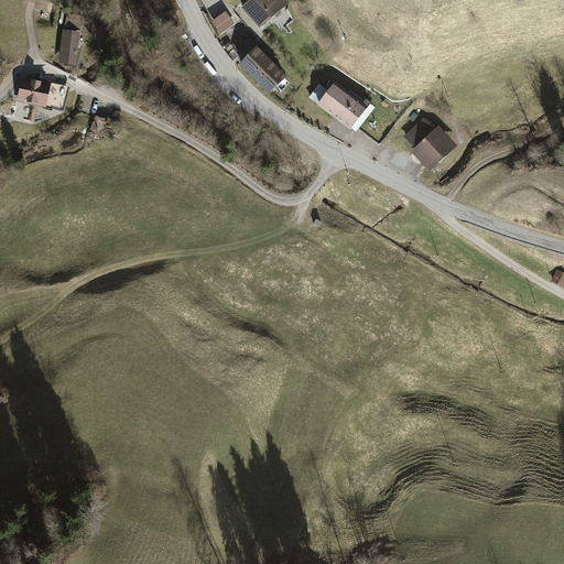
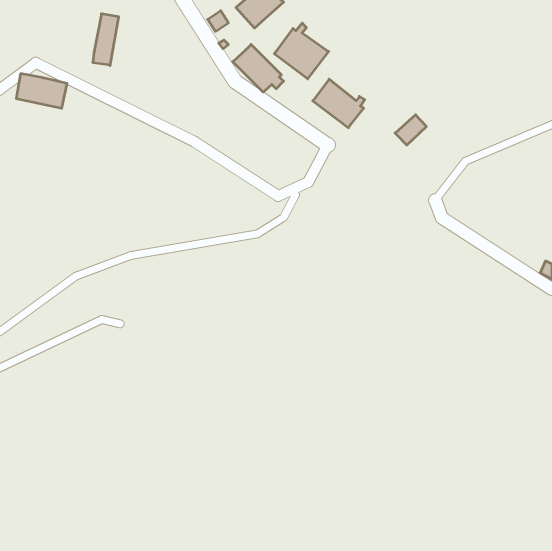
building: [57,12,84,65] -> [93,14,119,66]
building: none -> [274,23,329,79]
building: [410,126,456,171] -> none

